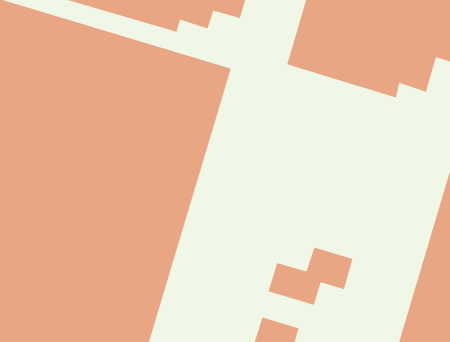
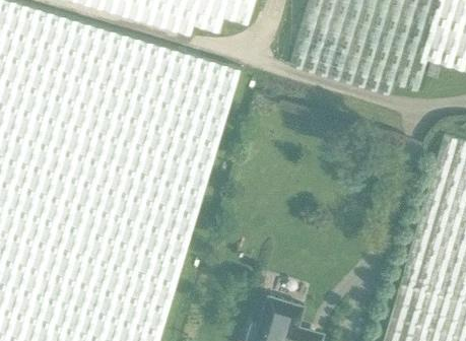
building: [268,246,353,306] -> none

